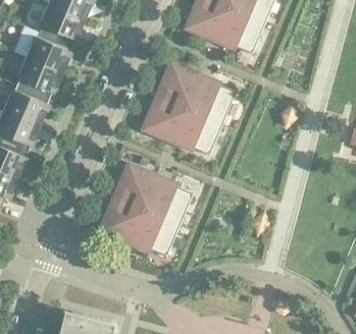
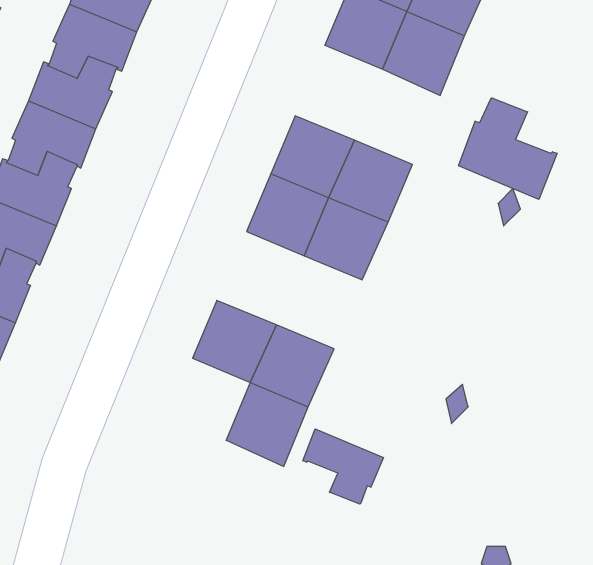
building: none -> [458,98,557,199]
building: [101,198,146,242] -> none
building: none -> [303,429,384,504]

